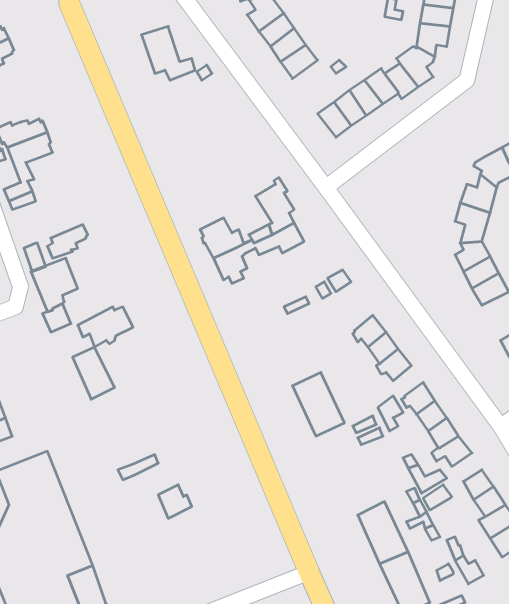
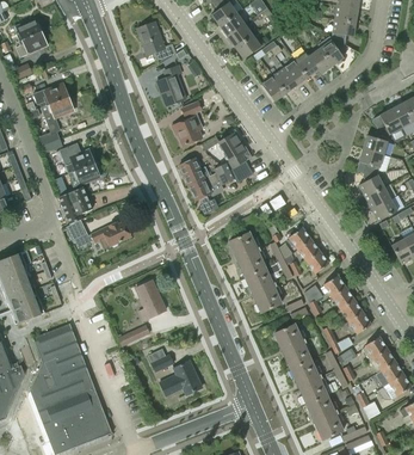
building: none -> [156,64,185,105]
building: none -> [173,102,200,146]
building: none -> [58,143,94,173]
building: none -> [228,232,264,277]
building: [73,347,115,399] -> [135,281,165,318]
building: none -> [273,324,309,369]
building: none -> [159,361,200,395]

